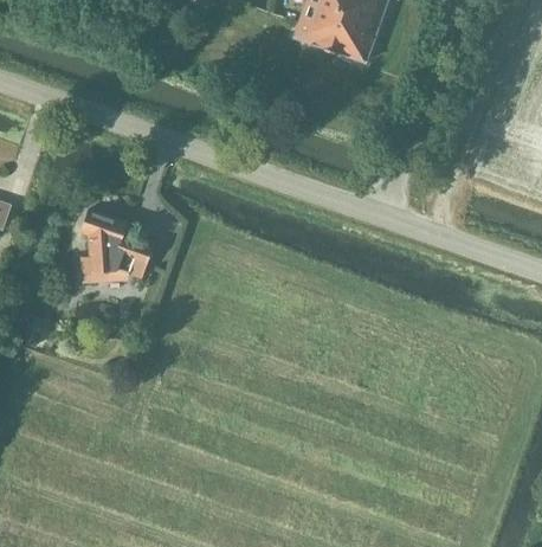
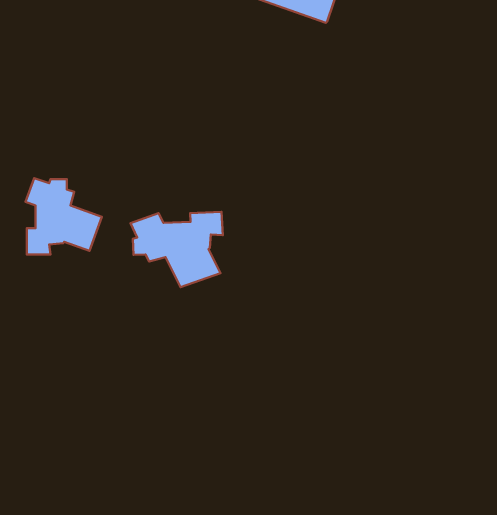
building: none -> [130,212,223,287]

